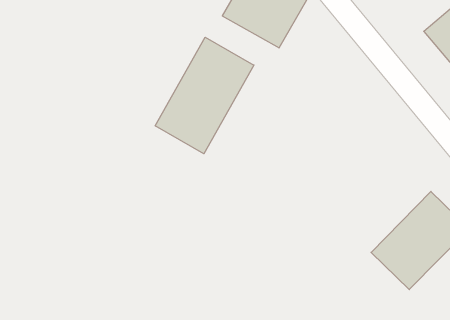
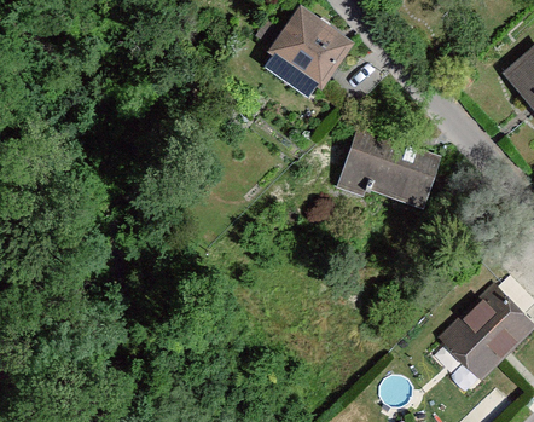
building: [155,37,254,154] -> none
building: none -> [339,133,442,204]

